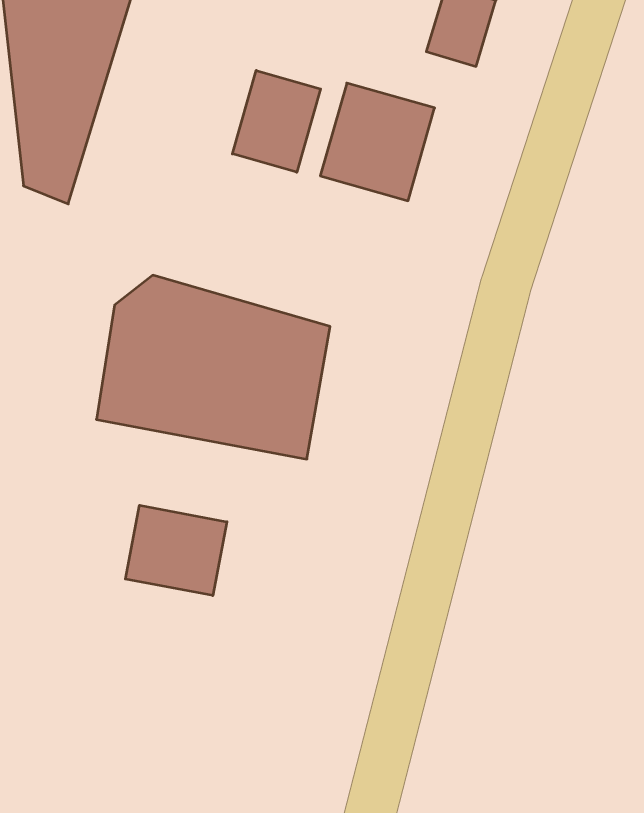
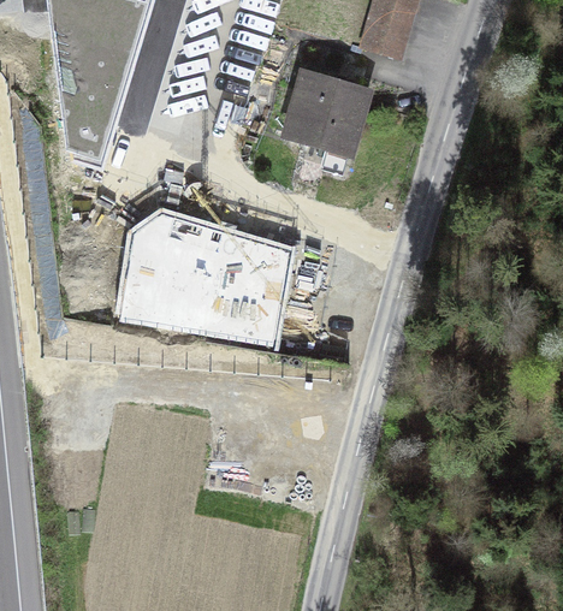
building: [232,70,321,172] -> none
building: [125,505,227,596] -> none

